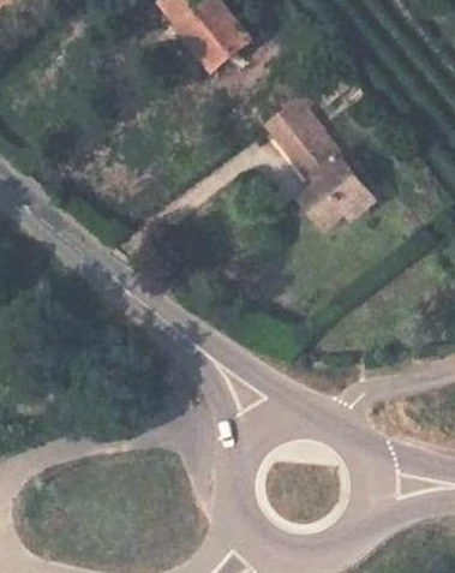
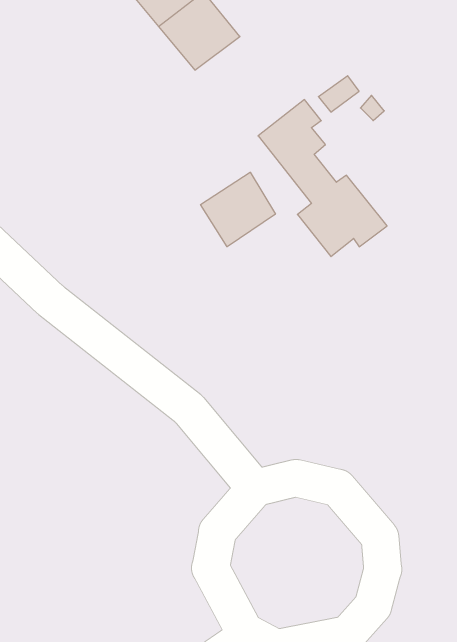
building: none -> [201,172,275,247]

